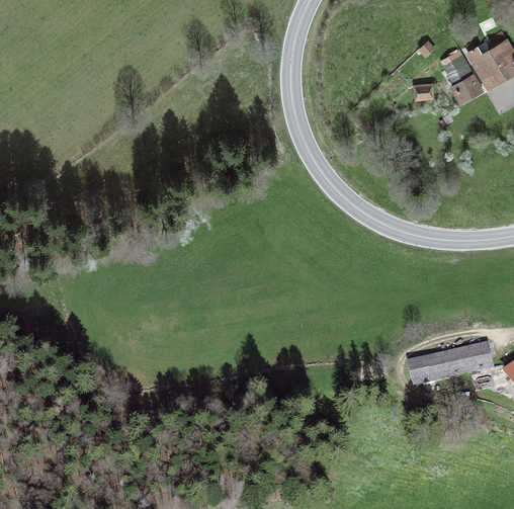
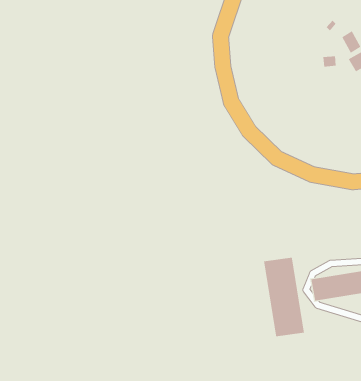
building: none -> [263,257,304,337]

